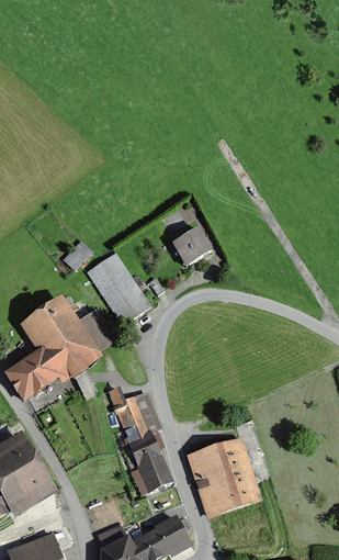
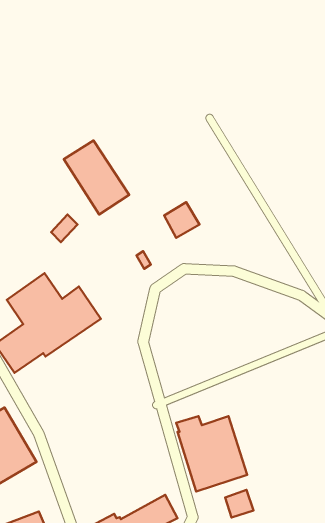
building: [87,251,151,325] -> [64,140,129,215]
building: [113,394,172,491] -> none
building: none -> [225,490,254,517]

